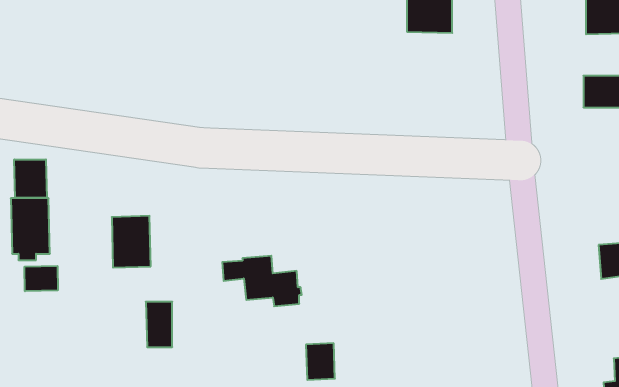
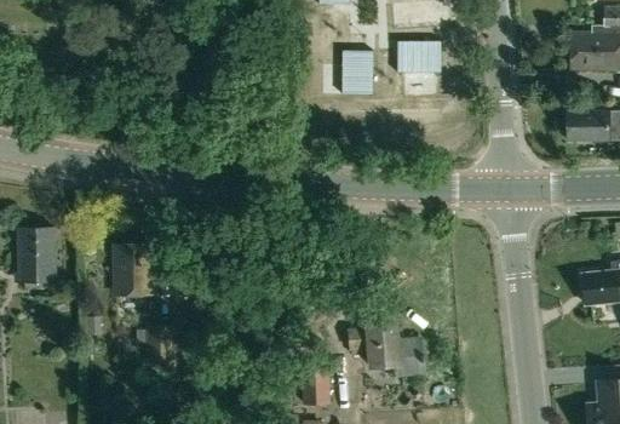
building: none -> [340,53,374,98]
building: [14,159,47,198] -> none
building: [222,256,302,306] -> [349,323,425,372]
building: [25,266,58,291] -> none

